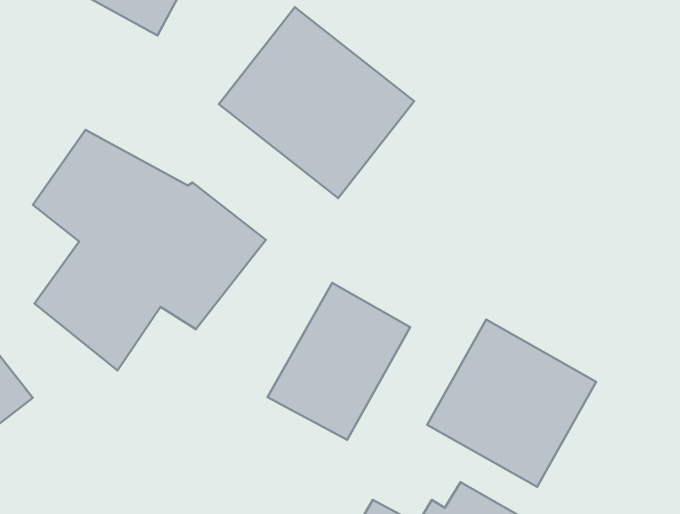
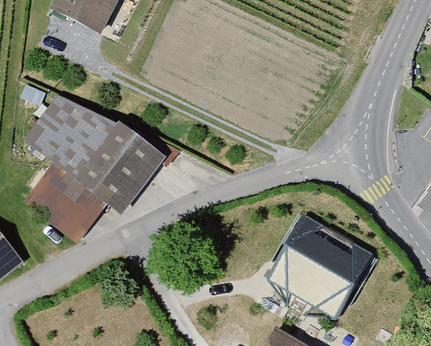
building: [219,7,414,198] -> none
building: [268,283,410,440] -> none

